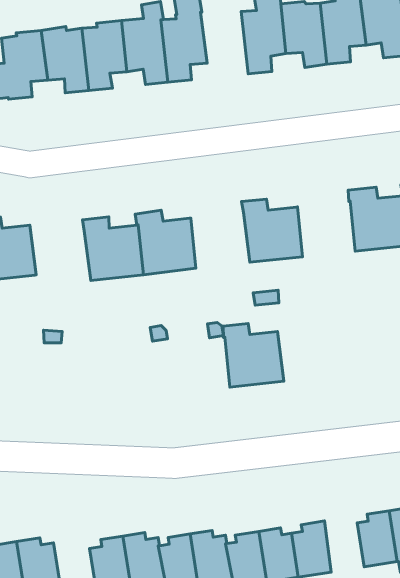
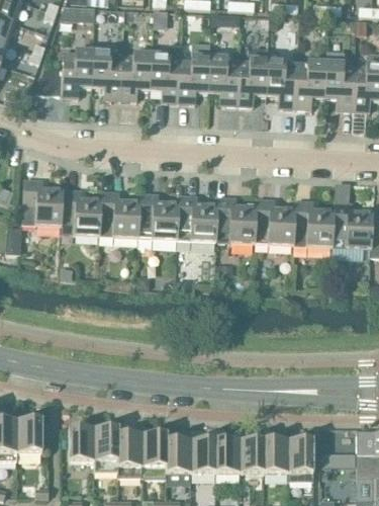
building: none -> [208,56,239,105]
building: none -> [255,198,295,245]
building: none -> [61,189,101,236]
building: [223,324,284,387] -> [177,194,217,241]
building: none -> [240,435,264,473]

